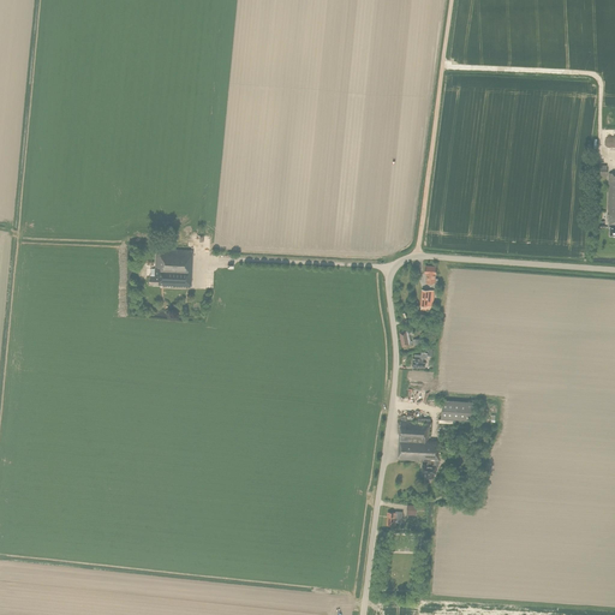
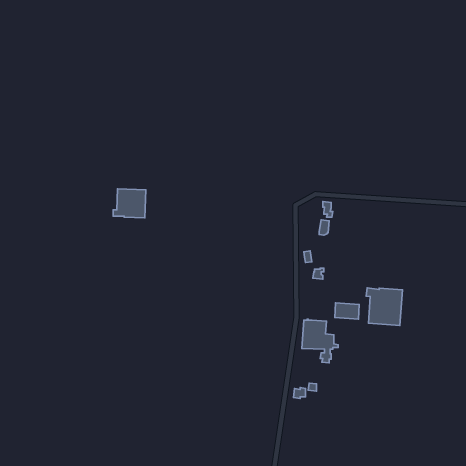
building: none -> [366,288,402,326]

